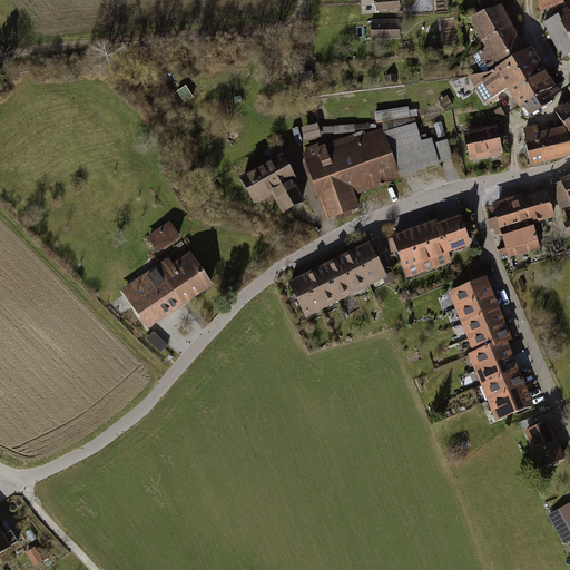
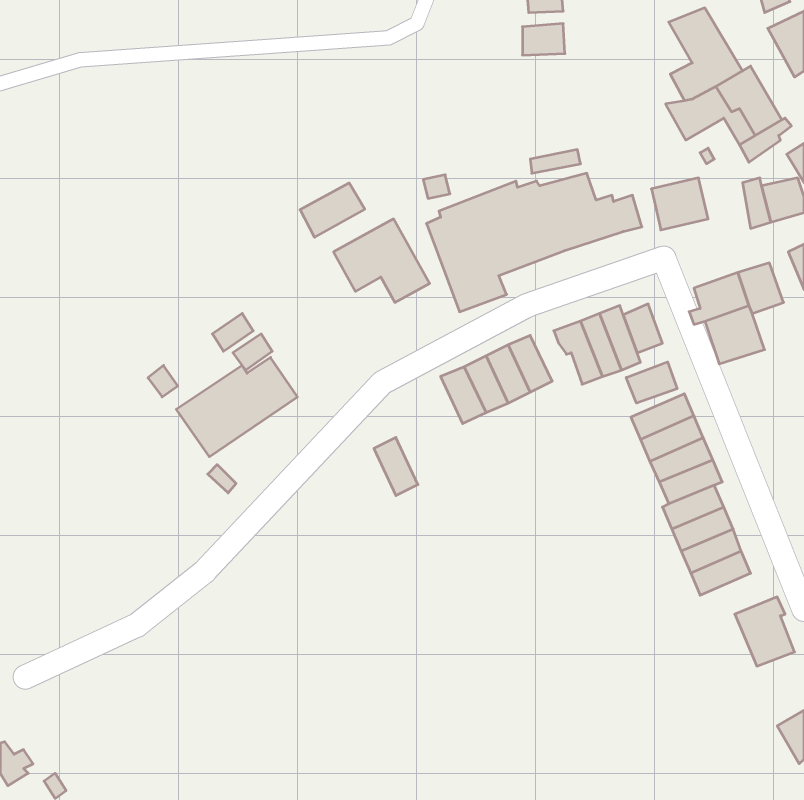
building: none -> [300,183,365,237]
building: none -> [626,362,677,403]
building: [296,266,327,307] -> [374,437,418,496]

